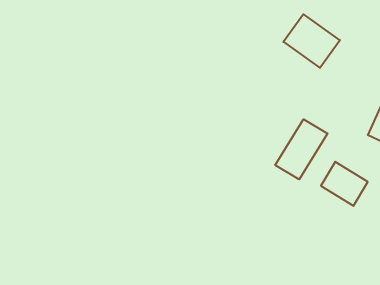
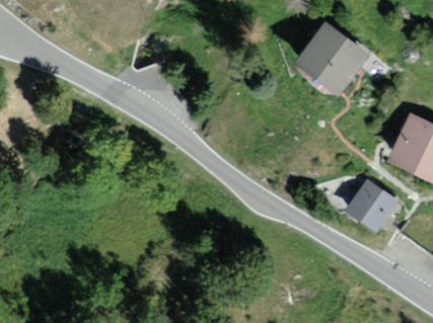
building: [275,119,328,179] -> none

